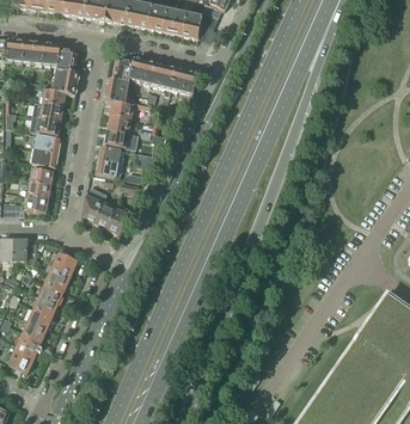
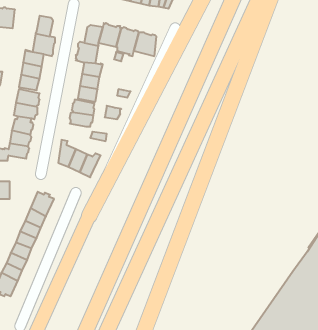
building: [30,39,61,64] -> none

